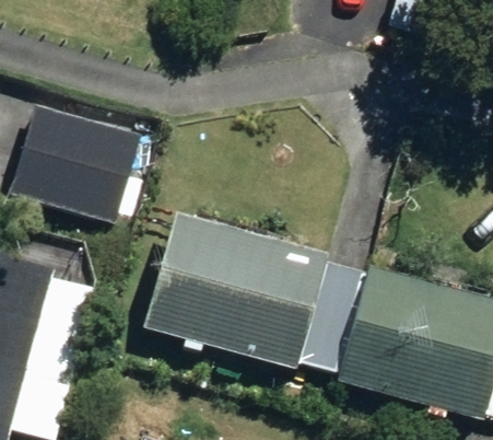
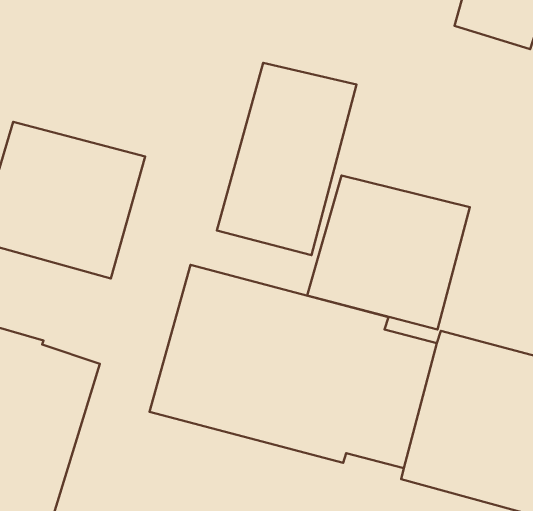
building: none -> [217,63,357,255]
building: none -> [307,176,470,330]

